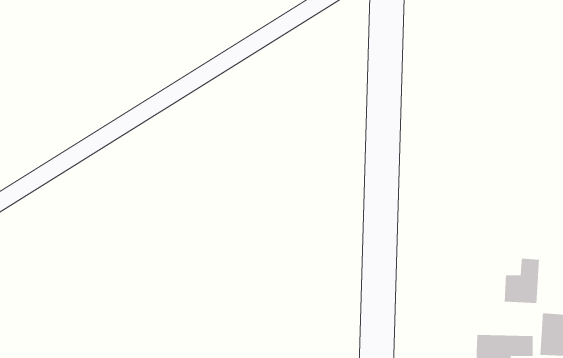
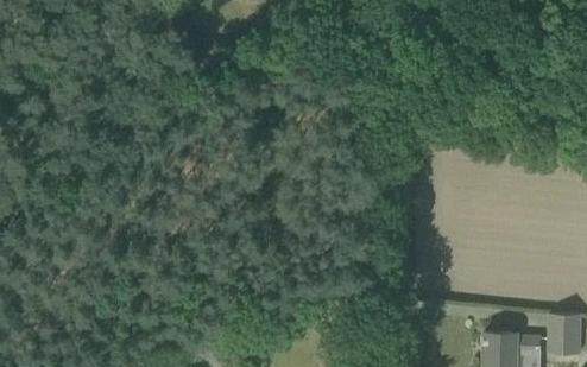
building: [504,258,539,304] -> none

